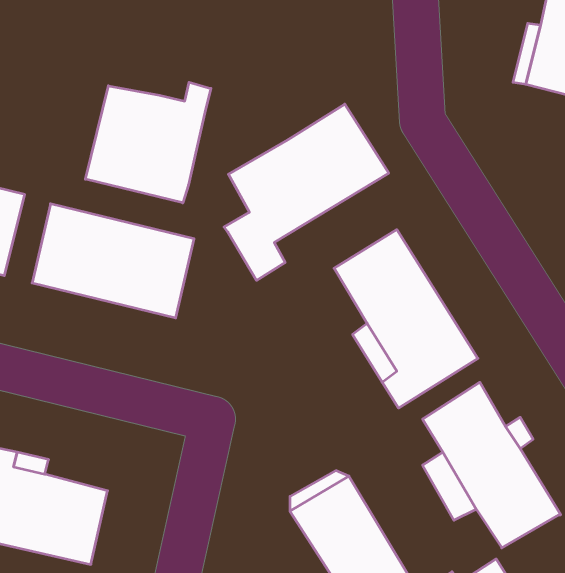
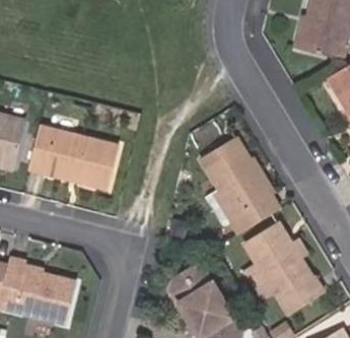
building: [85,82,211,203] -> none
building: [224,104,389,280] -> none

